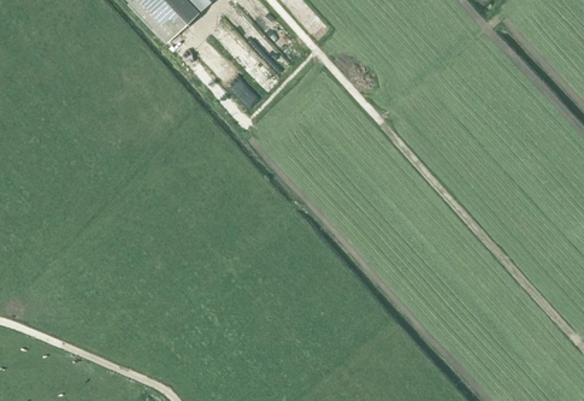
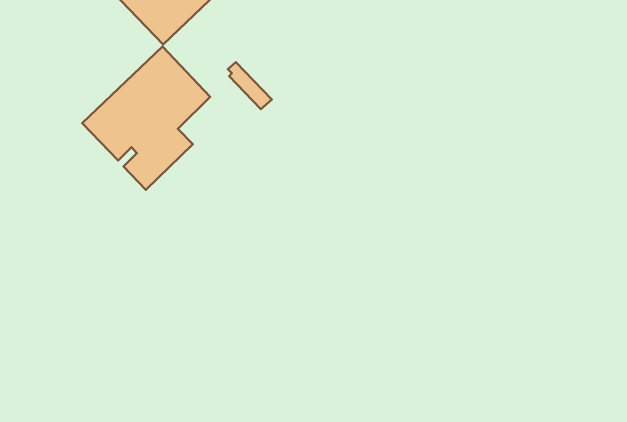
building: none -> [82,47,210,190]

